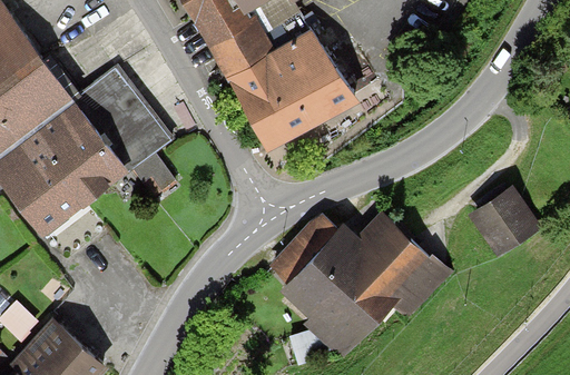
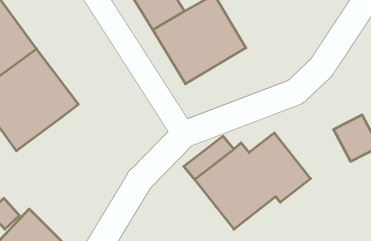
building: [68,67,168,198] -> none

